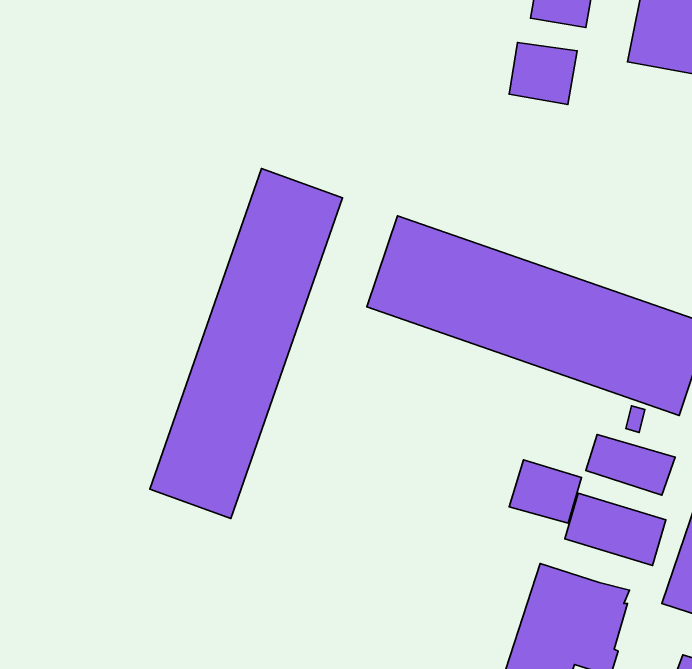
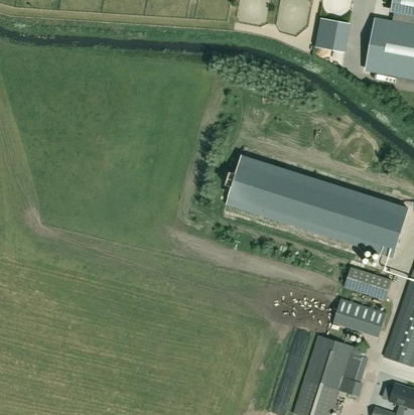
building: [509,42,577,104] -> none
building: [150,169,342,519] -> none
building: [509,460,581,523] -> none

